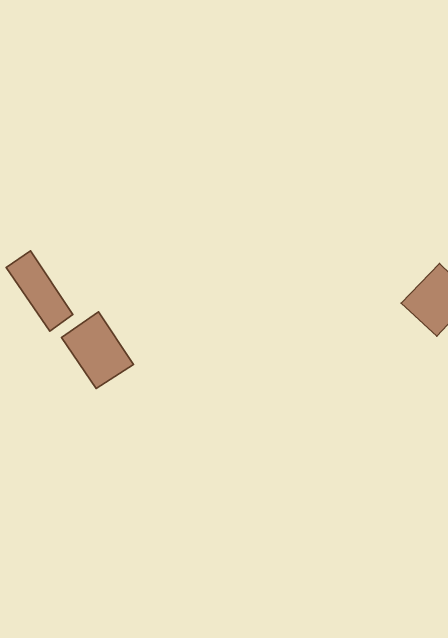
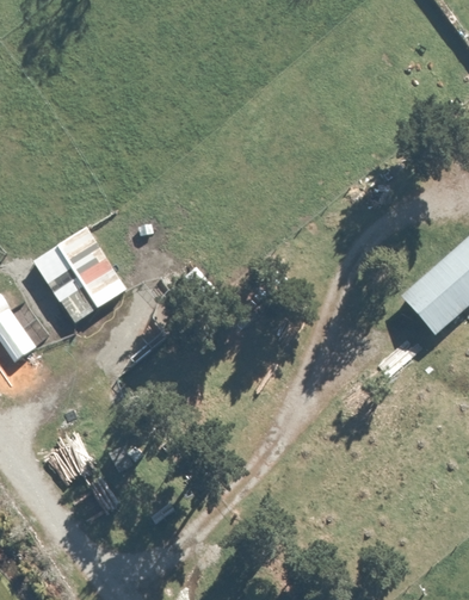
building: [61,312,133,388] -> none

